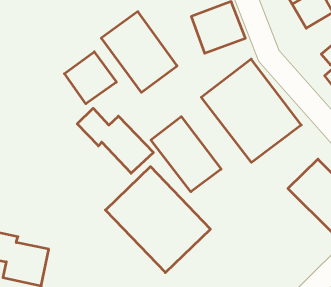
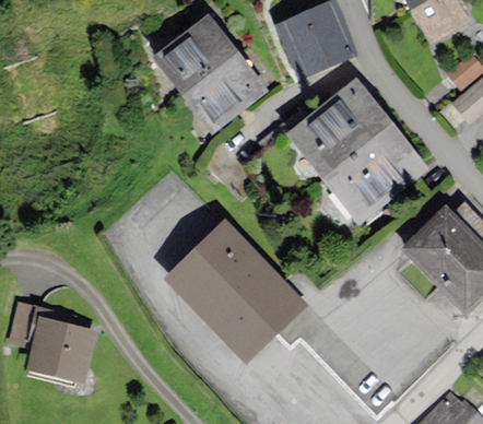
building: [64,52,116,104] -> none
building: [77,108,153,173] -> none
building: [151,117,221,192] -> none

